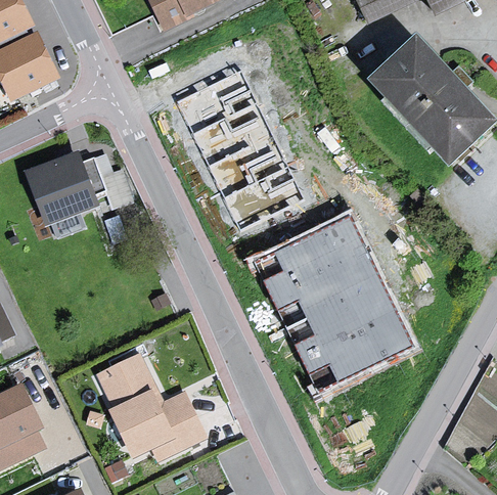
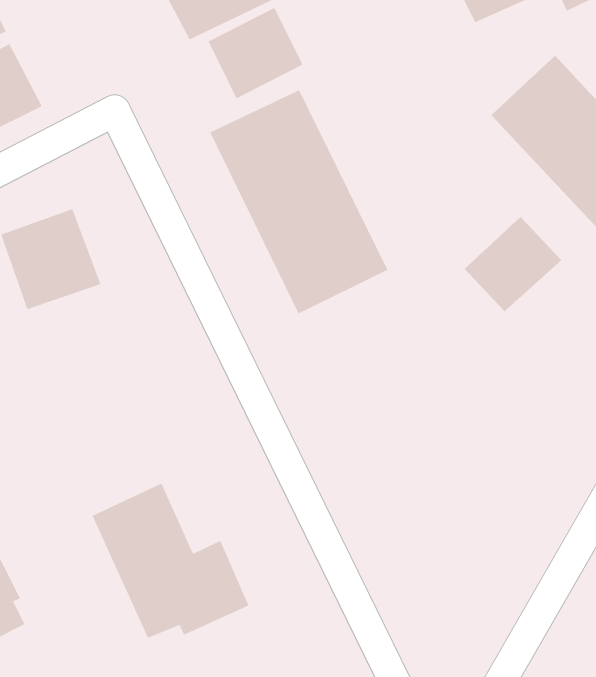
building: none -> [208,7,304,99]
building: none -> [464,216,562,312]
building: [253,210,413,389] -> none

